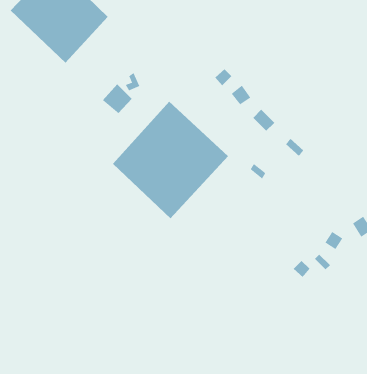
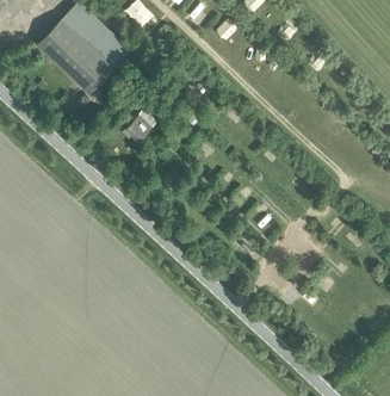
building: [112,101,229,219] -> none

